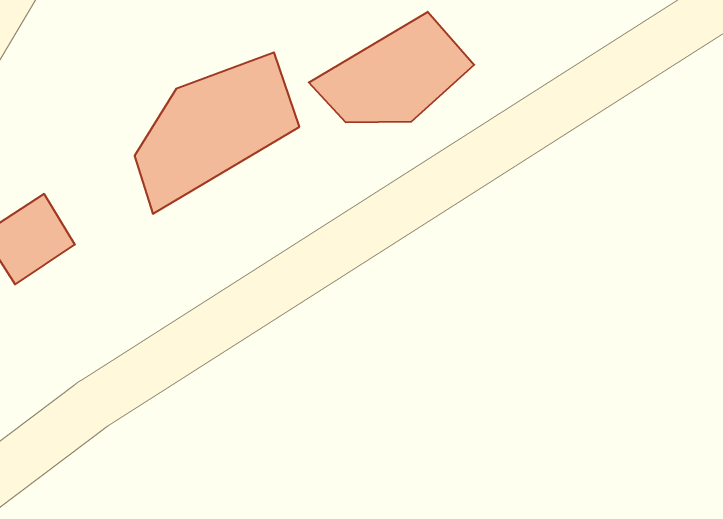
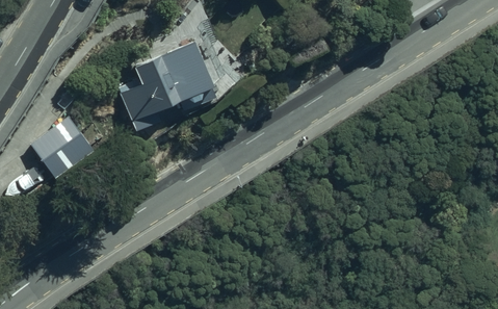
building: [309,12,474,122] -> none

